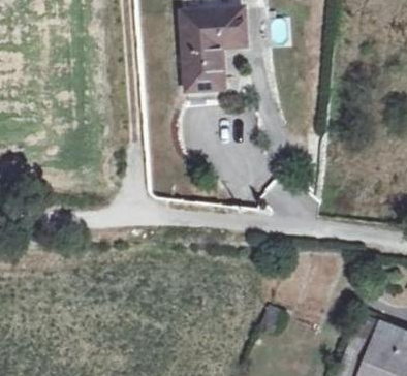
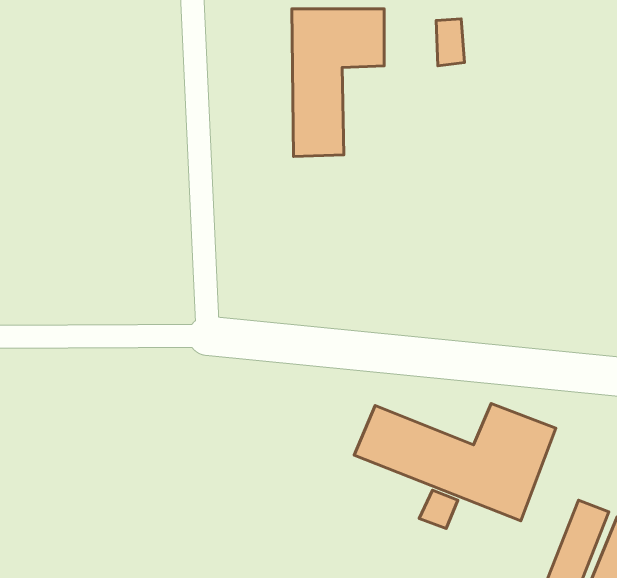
building: none -> [354,404,556,521]

